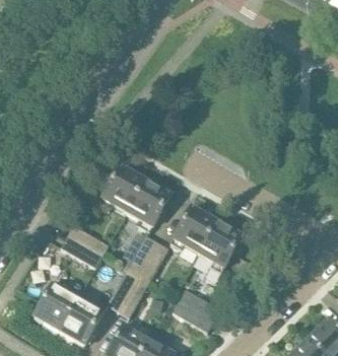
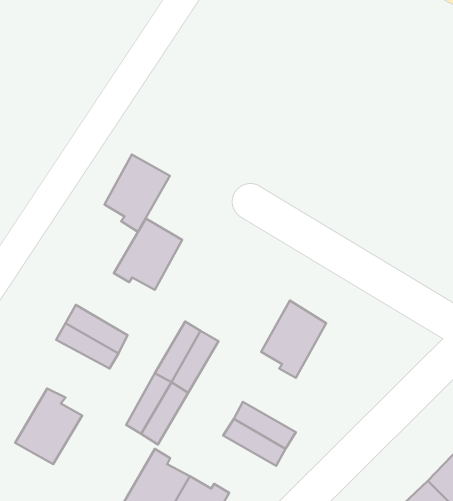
building: [125,179,168,230] -> [105,154,170,232]
building: [168,205,215,254] -> none
building: [57,296,104,344] -> none

